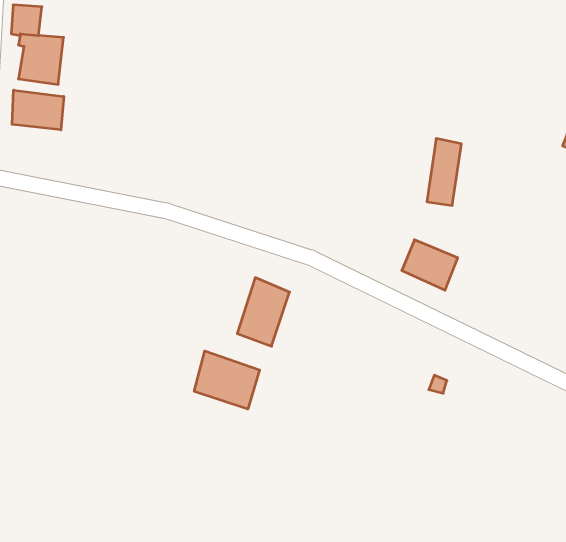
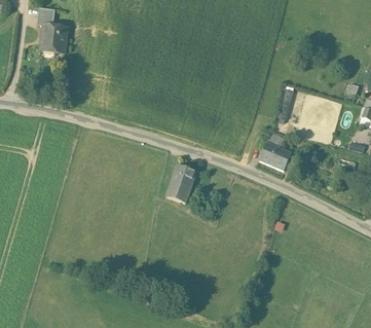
building: [12,90,64,130] -> none
building: [194,351,260,409] -> none

